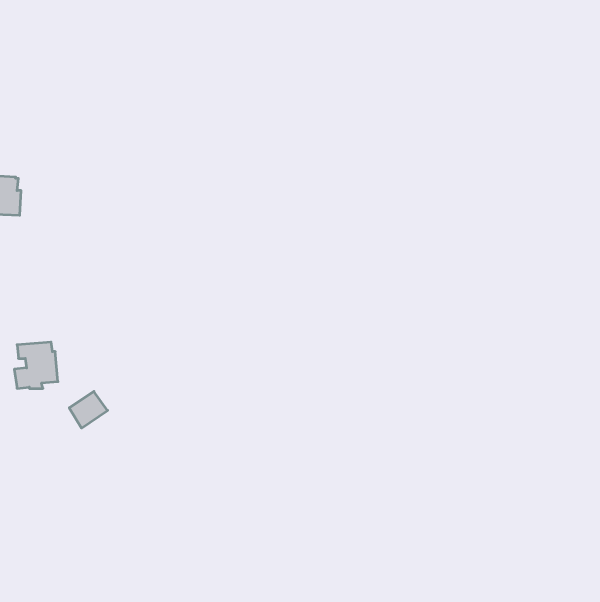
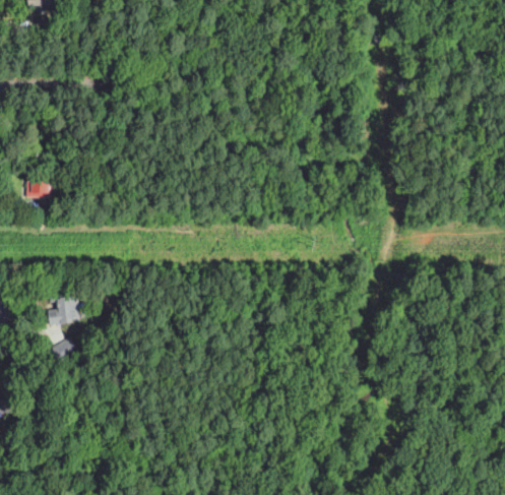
building: [69,391,108,428] -> [52,337,80,365]

